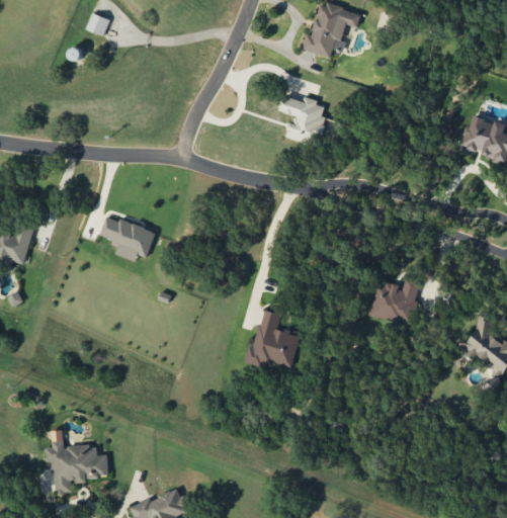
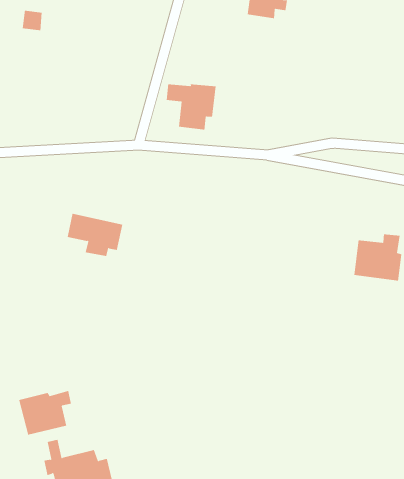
building: [278,95,329,145] -> [166,84,217,130]
building: [248,309,300,368] -> none
building: none -> [18,390,72,436]

